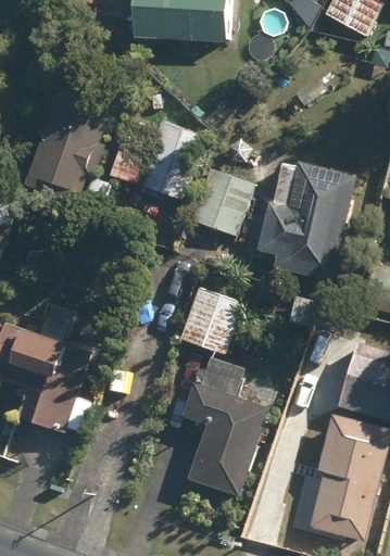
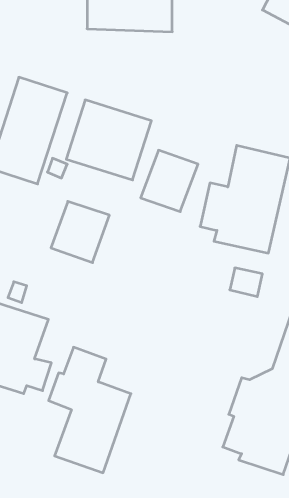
building: [179,288,243,355] -> [51,201,109,263]
building: [179,357,269,495] -> [49,347,131,473]

